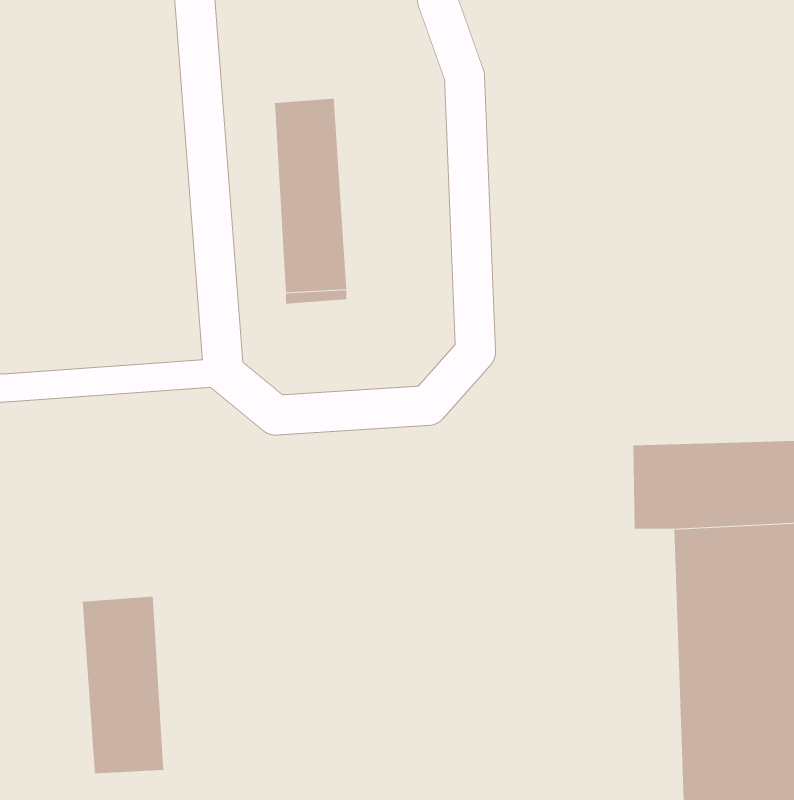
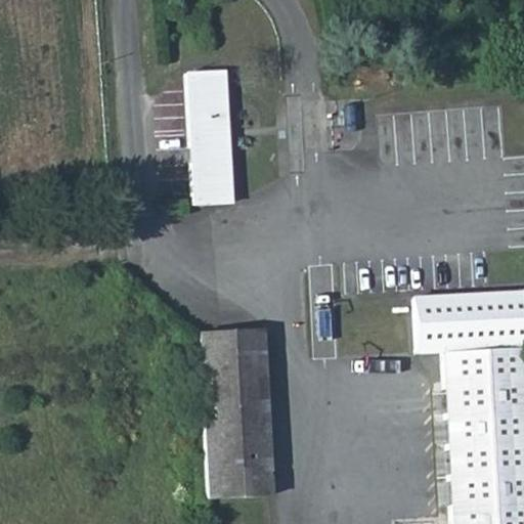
building: none -> [201,341,272,496]
building: [82,596,164,774] -> none

